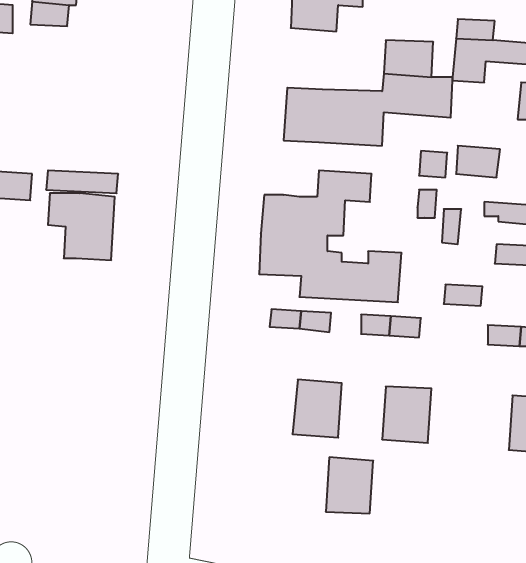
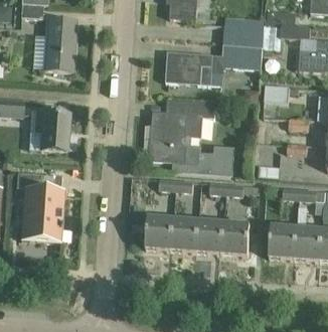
building: none -> [43,17,75,70]
building: none -> [14,171,63,241]
building: none -> [145,216,173,250]
building: none -> [268,225,296,259]
building: [326,457,373,513] -> [196,220,223,253]

